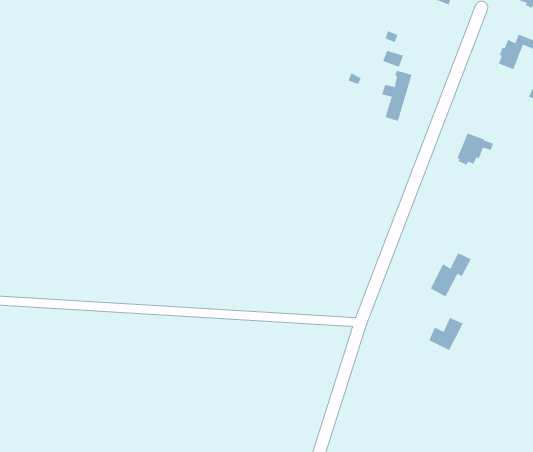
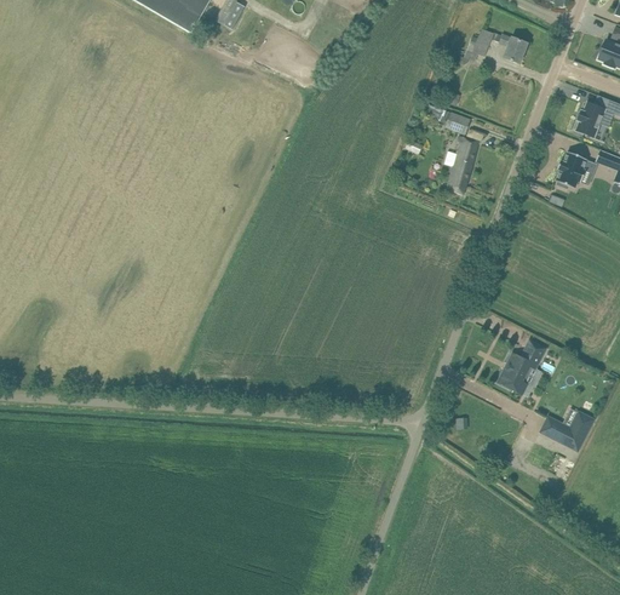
building: [456,132,494,166] -> [555,151,597,189]
building: [428,317,464,351] -> [553,412,593,451]

